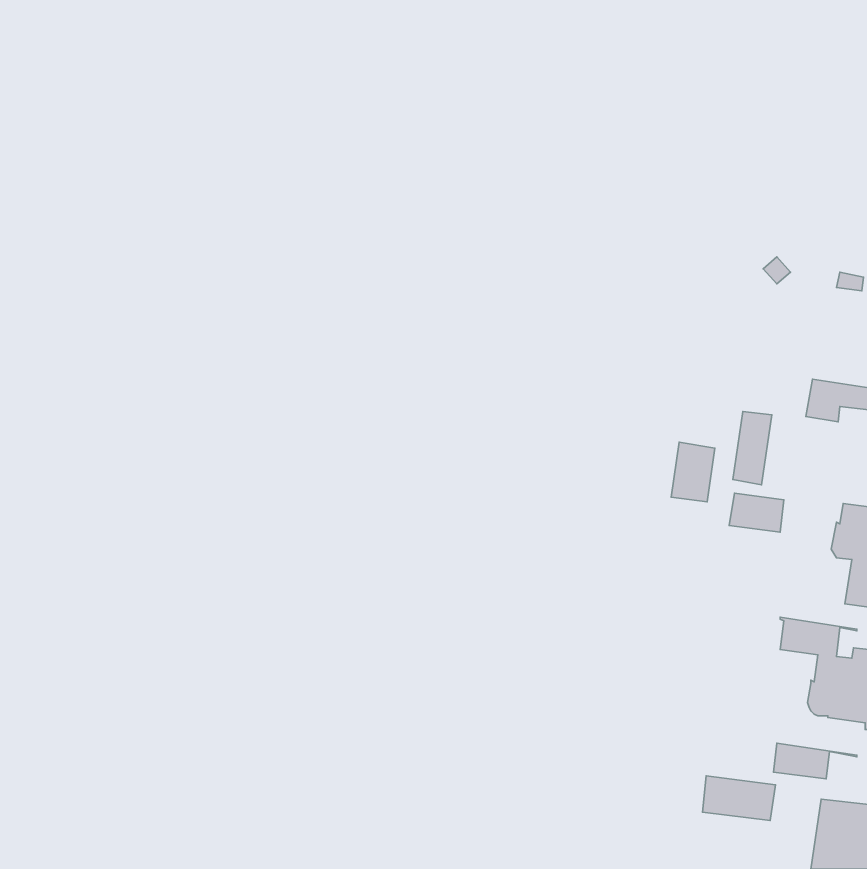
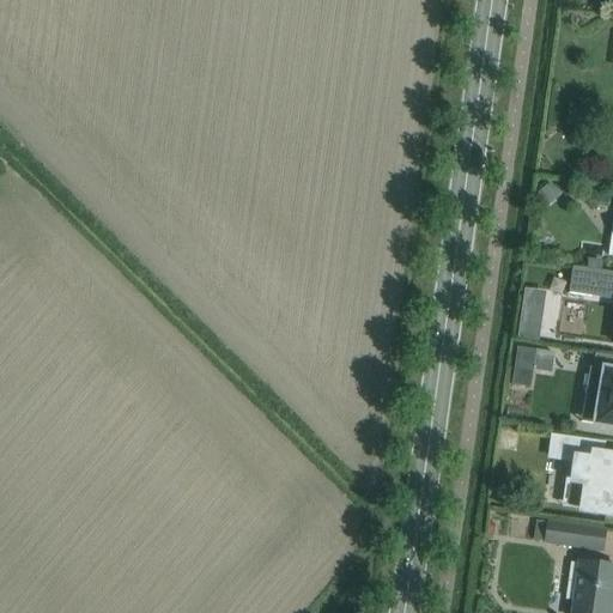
building: [671,442,715,502] -> none
building: [702,776,775,821] -> none

